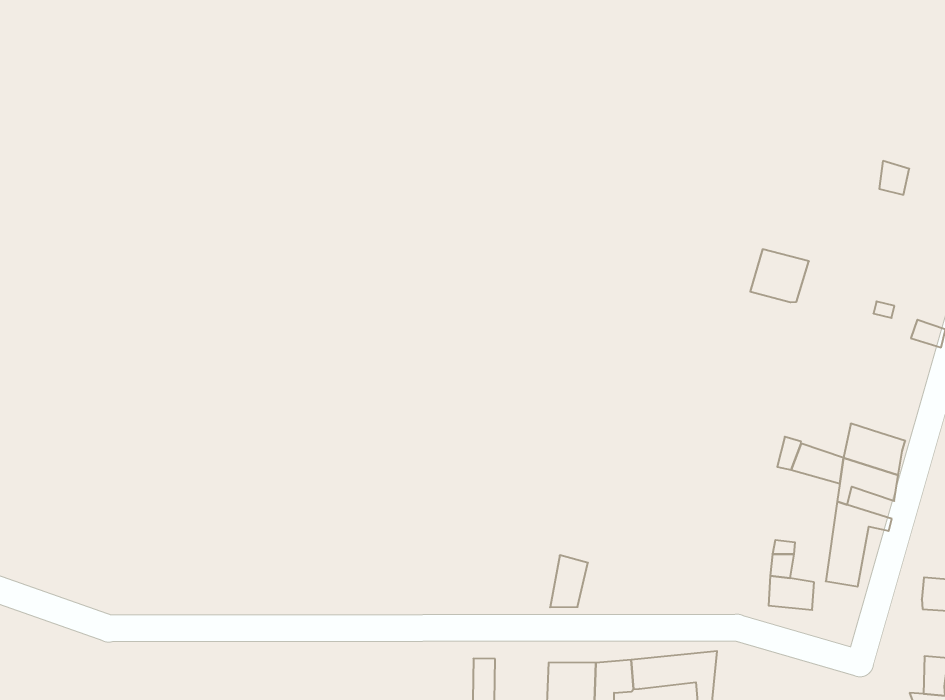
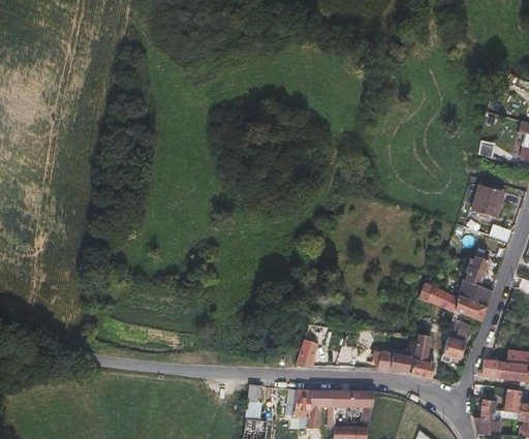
building: [750,249,809,302] -> [472,187,504,216]
building: none -> [458,253,484,283]
building: none -> [374,348,405,368]

